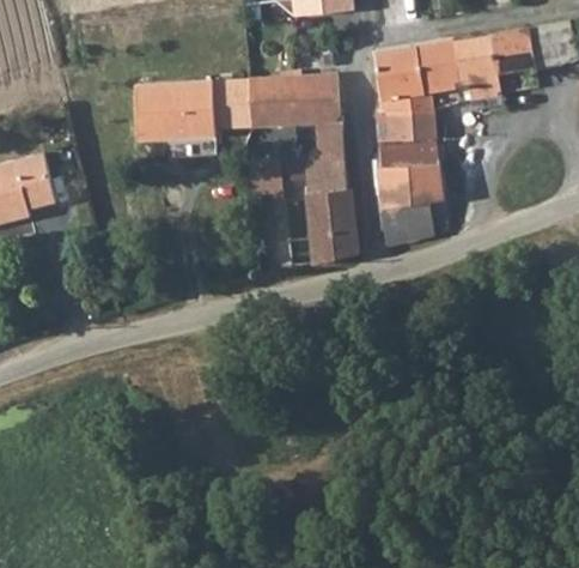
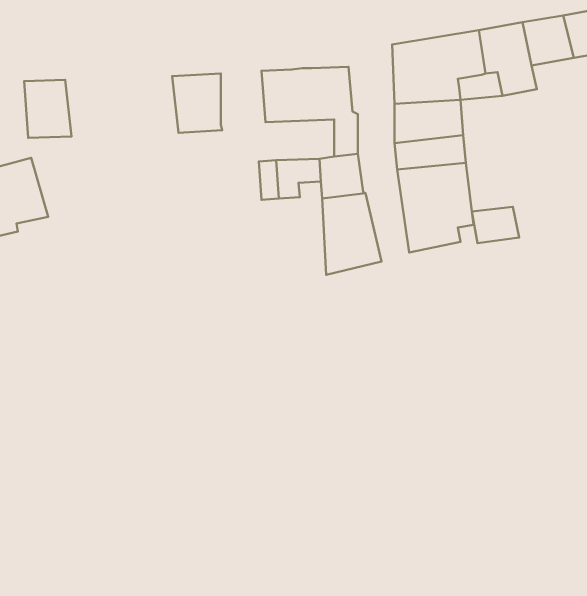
building: [215,78,256,127] -> none
building: [134,83,177,135] -> [24,80,72,138]
building: none -> [472,207,519,243]

